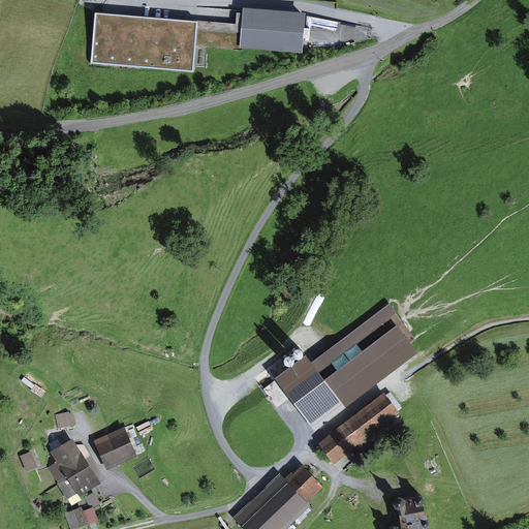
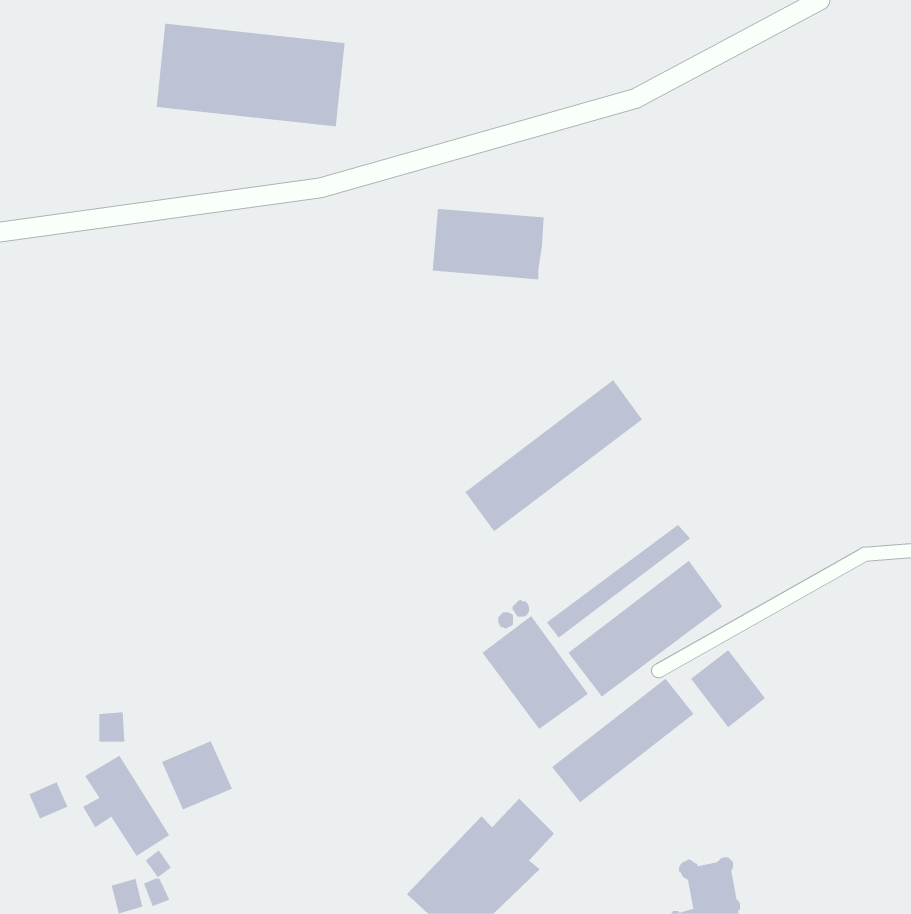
building: [238,11,303,53] -> [432,208,544,280]
building: none -> [464,379,643,532]
building: none -> [690,649,766,728]

